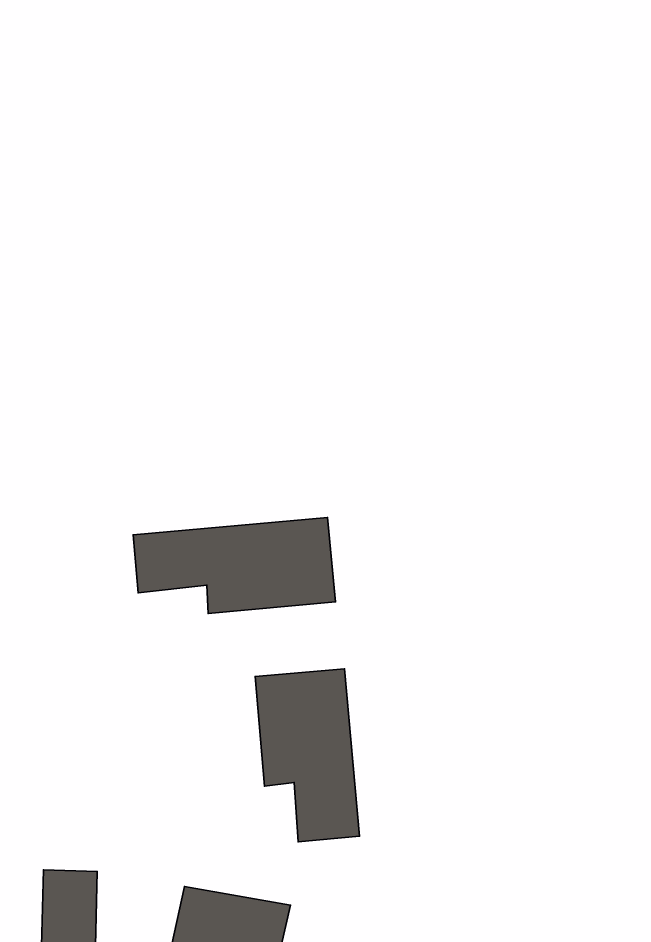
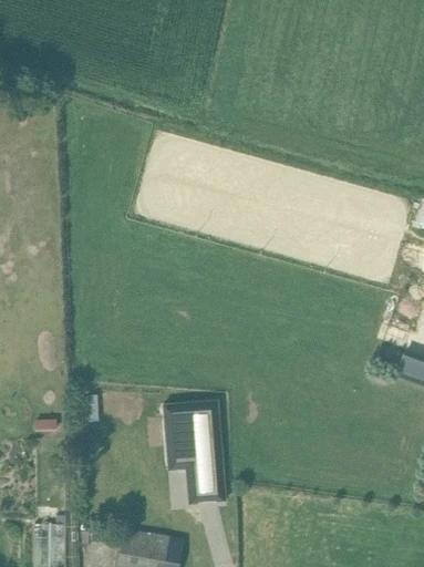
building: [133,518,335,614] -> none

